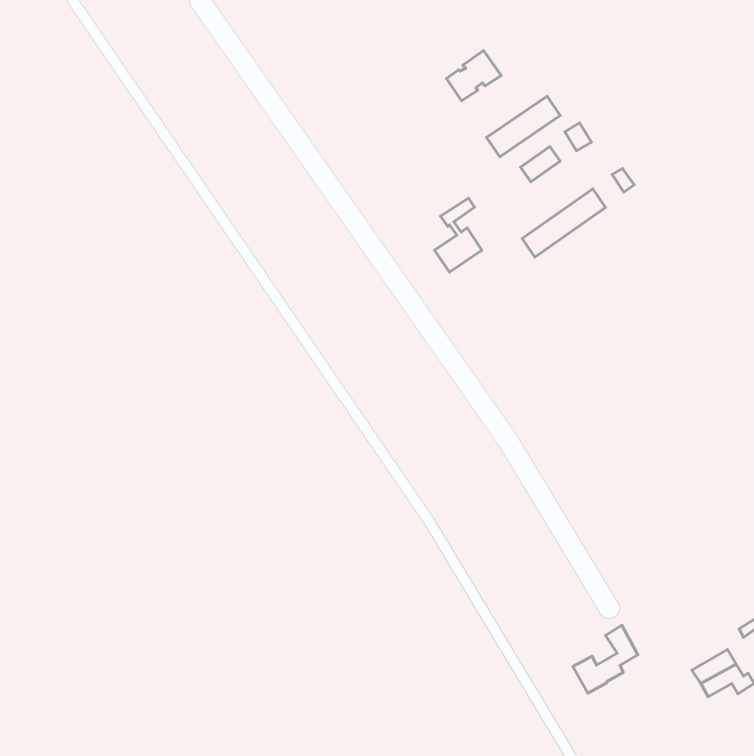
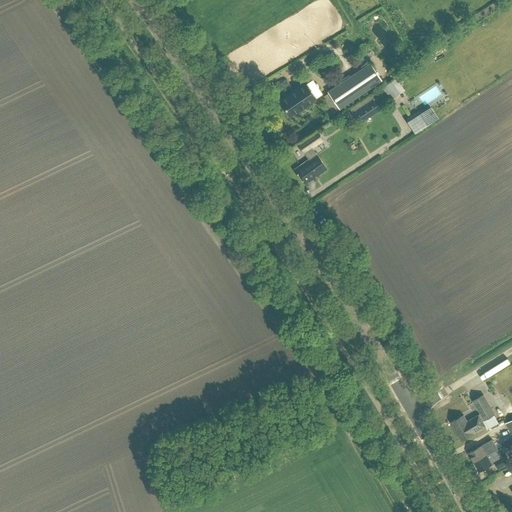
building: [447,50,501,101] -> [280,82,317,116]
building: [522,189,606,257] -> none
building: [573,625,638,693] -> [452,394,496,440]

